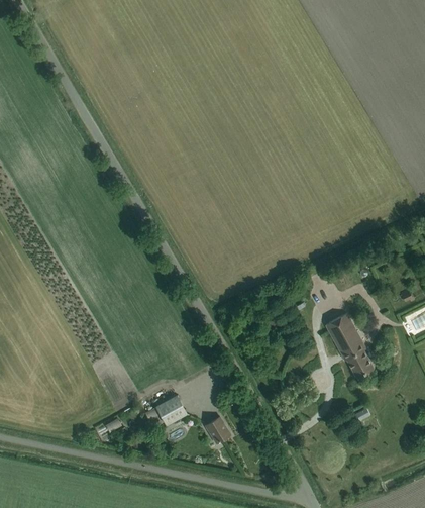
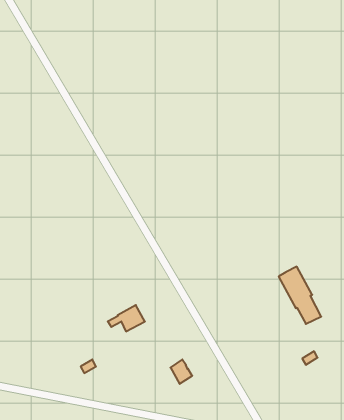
building: [145,395,187,424] -> [108,305,145,331]

